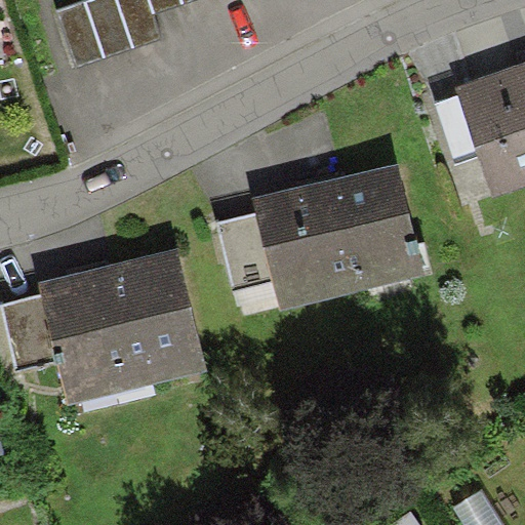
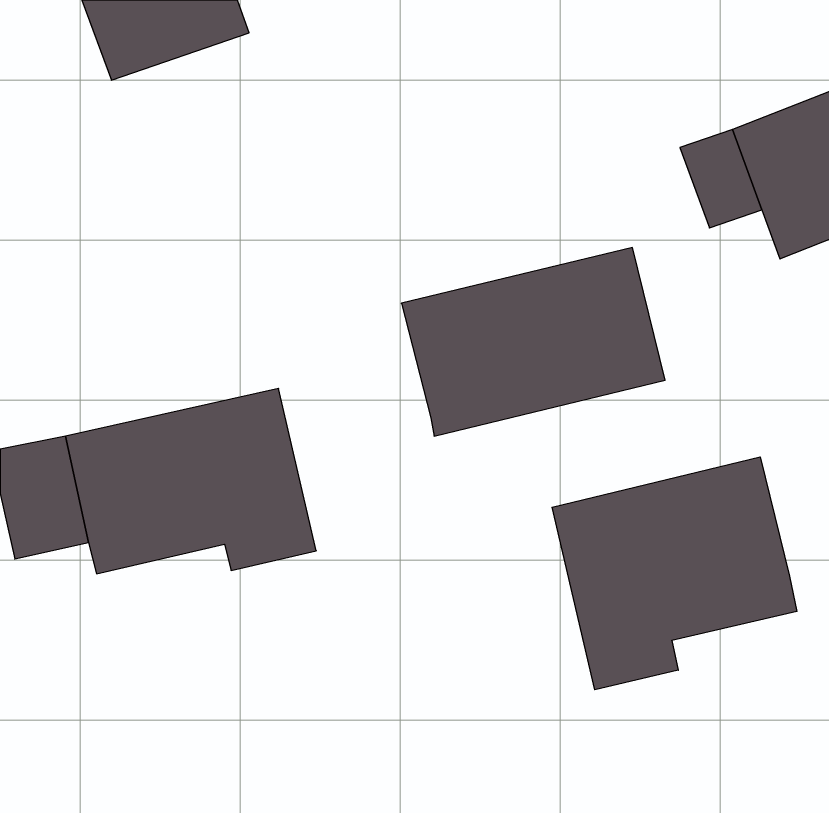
building: [210,205,275,288] -> none
building: none -> [552,457,797,690]

